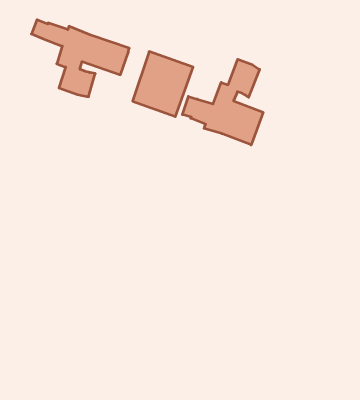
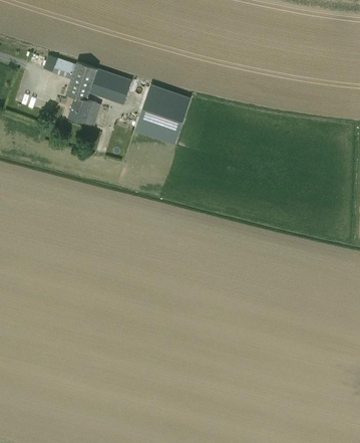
building: [182,59,263,145] -> none

